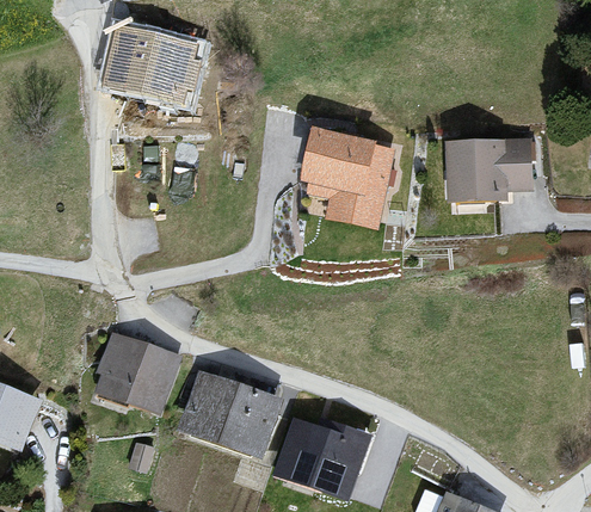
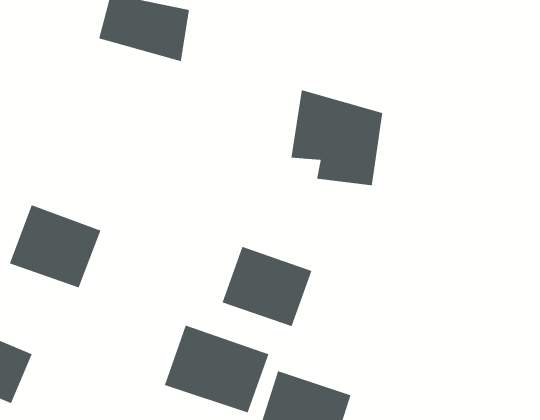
building: [451,138,540,214] -> none
building: none -> [221,246,313,327]
building: [85,327,179,413] -> [9,204,101,289]

